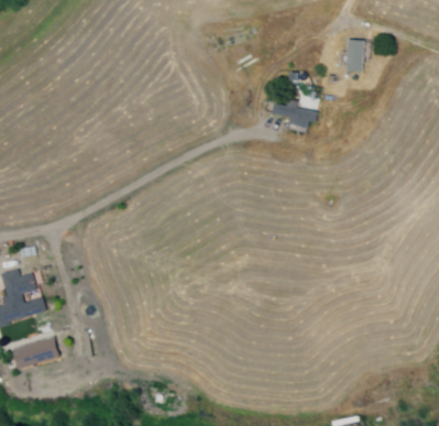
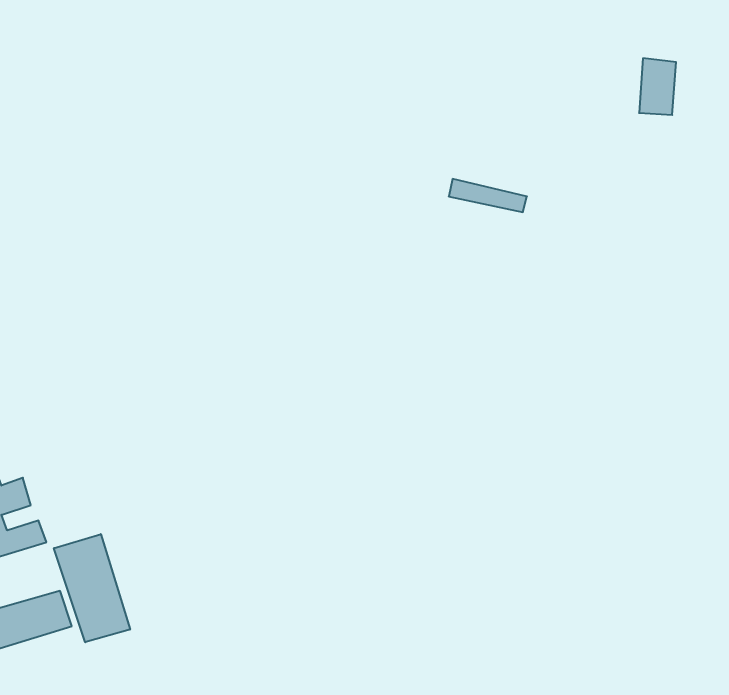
building: [344,40,365,72] -> [639,58,676,115]
building: none -> [54,534,130,642]

